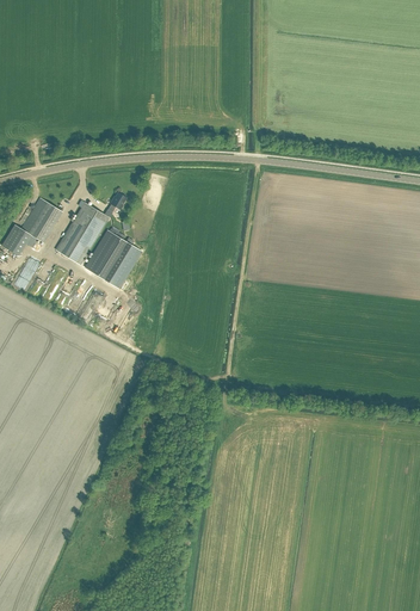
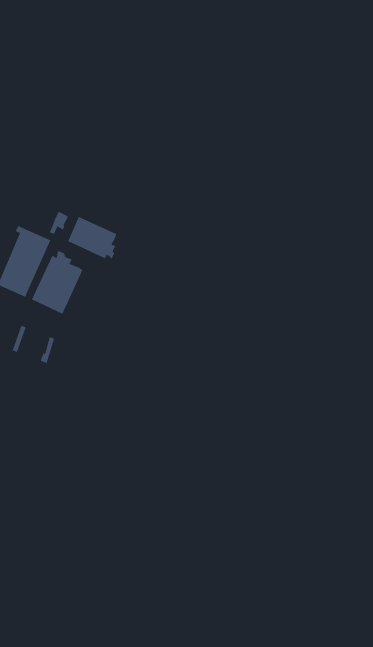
building: none -> [67,216,117,259]

